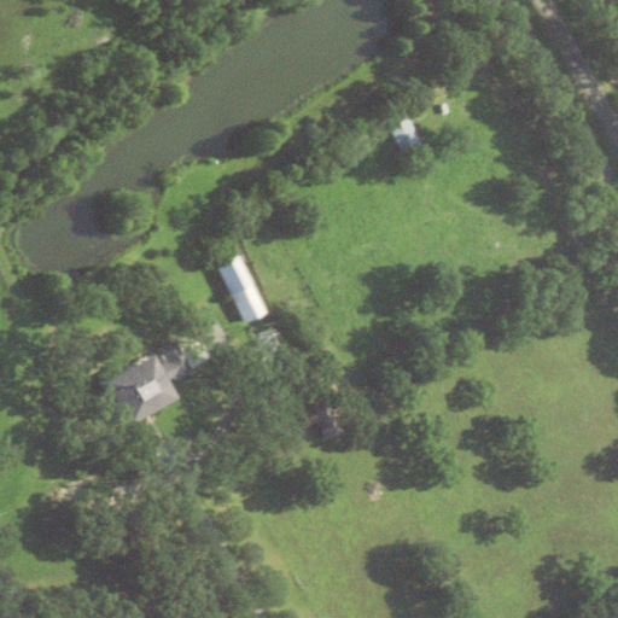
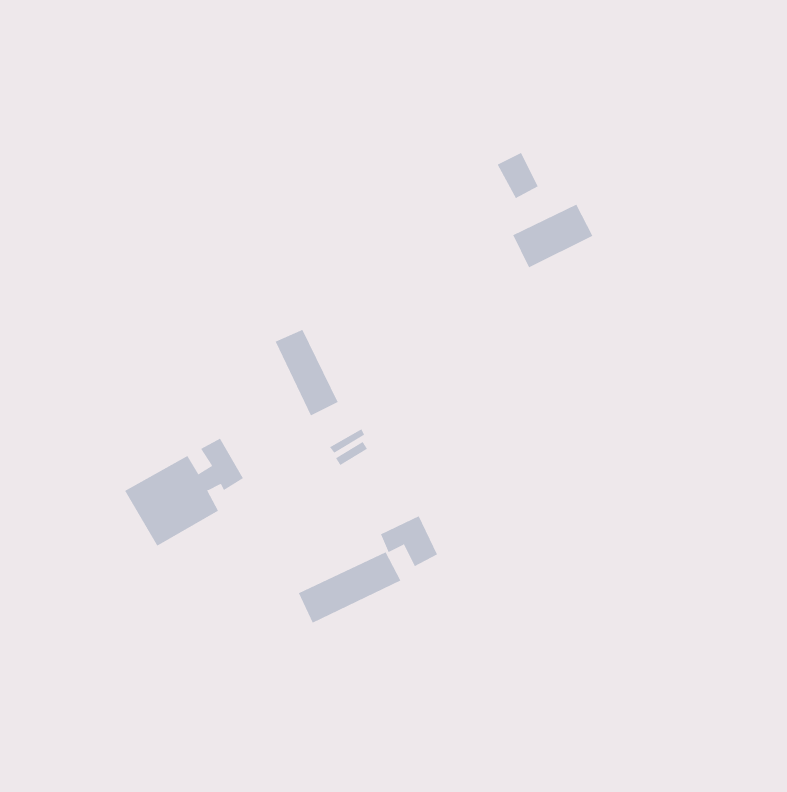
building: none -> [513,204,593,268]
building: none -> [298,552,401,624]

